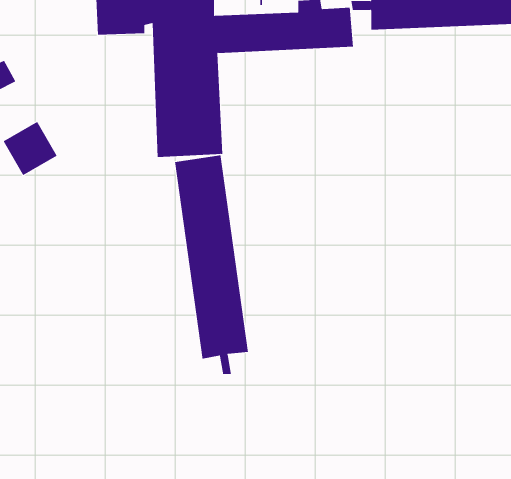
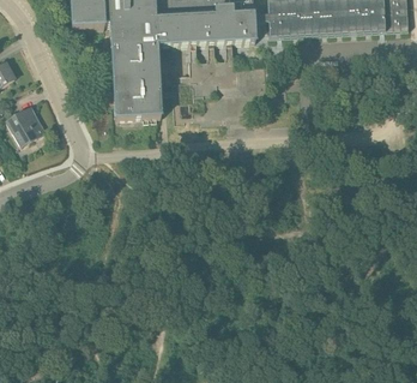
building: [175,154,248,375] -> none

